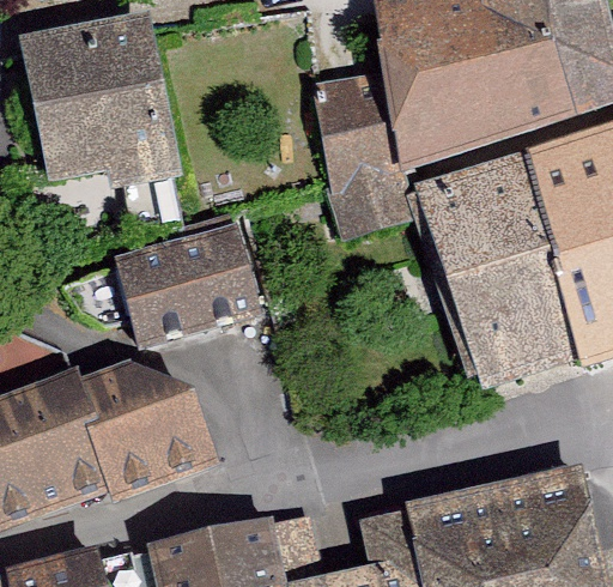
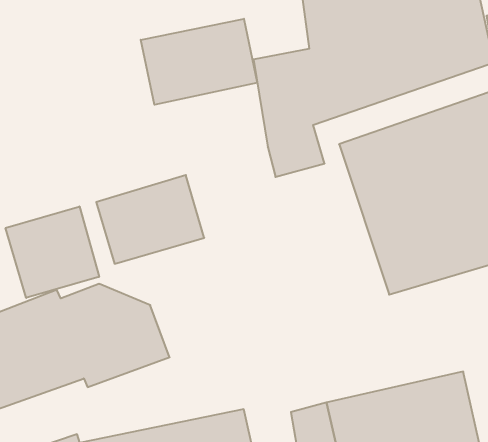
building: [30,19,176,180] -> none
building: none -> [141,19,257,105]
building: none -> [6,206,99,298]

